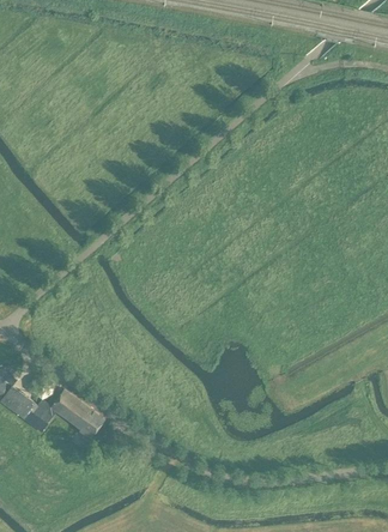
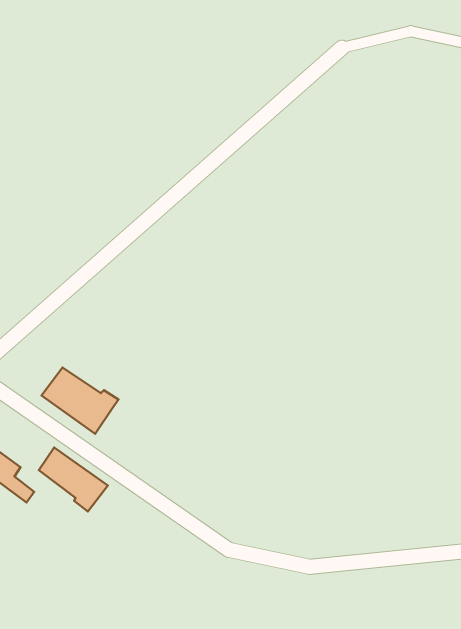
building: none -> [42,368,118,434]

